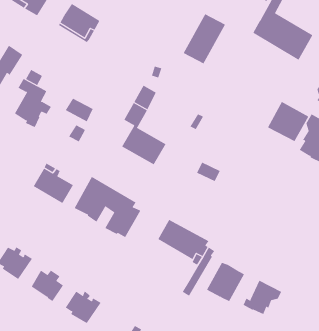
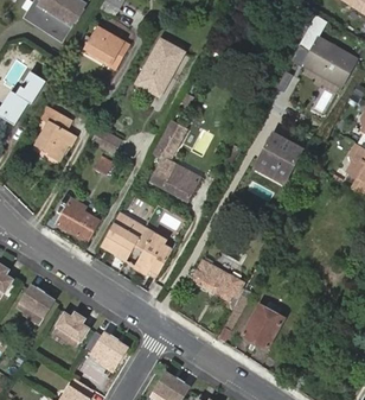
building: [183,13,226,64] -> [136,39,182,94]
building: [267,101,309,142] -> [257,133,302,177]
building: [243,280,282,315] -> none

